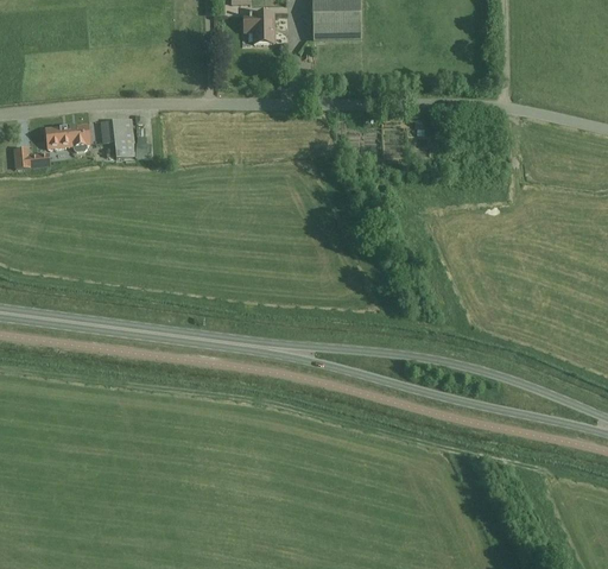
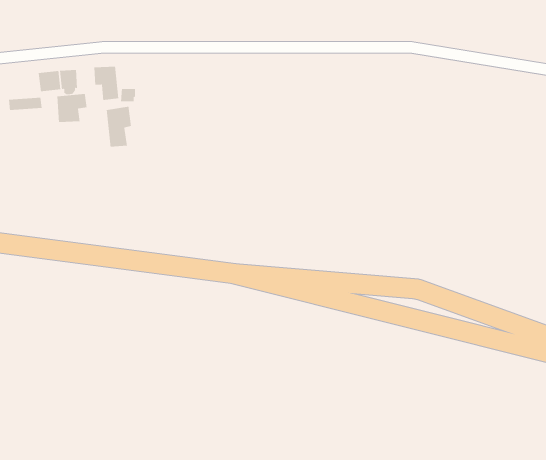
building: none -> [57,93,87,123]
building: none -> [106,106,132,147]

